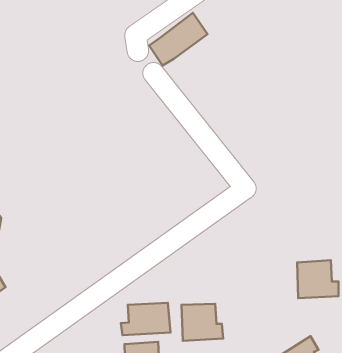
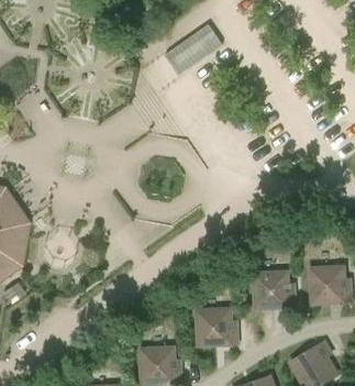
building: none -> [254,271,295,308]
building: [121,303,170,335] -> none

